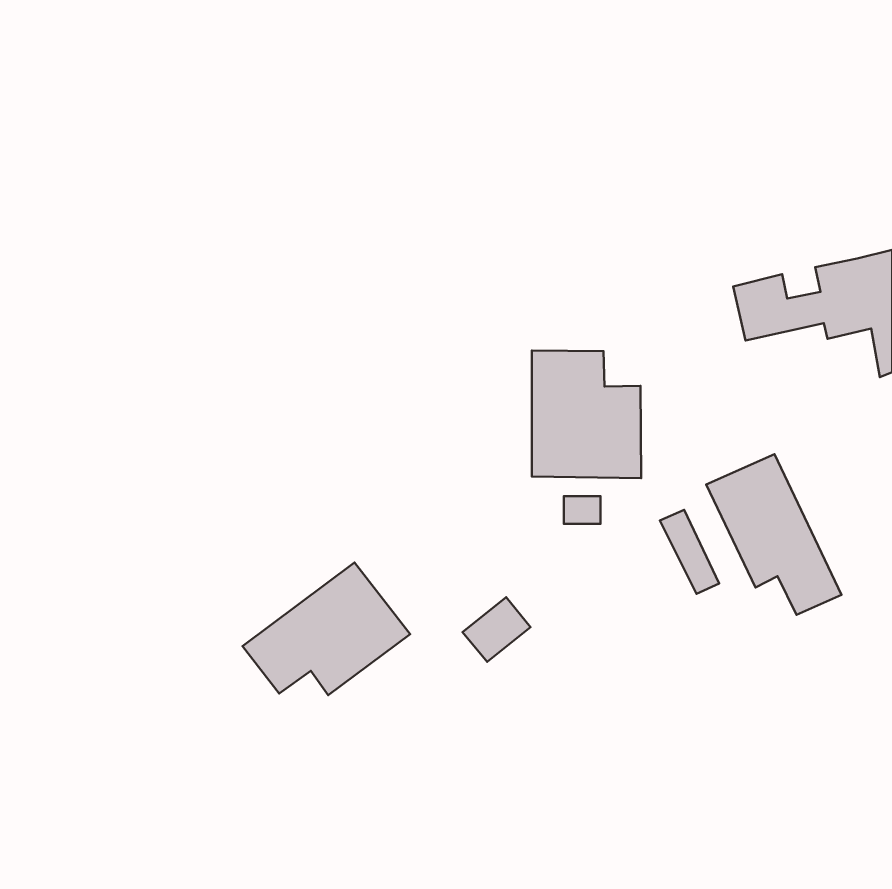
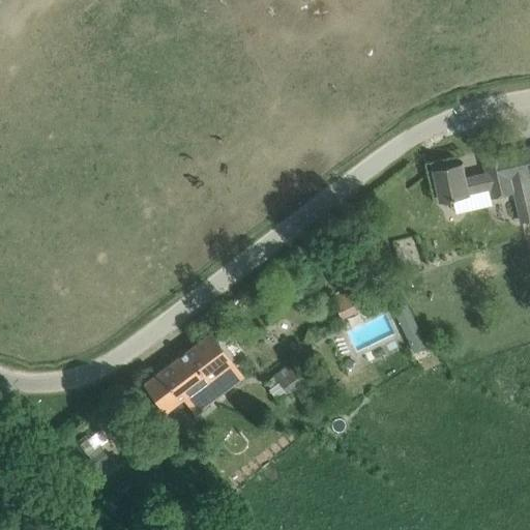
building: [532,350,641,478] -> none
building: [706,454,841,615] -> none

